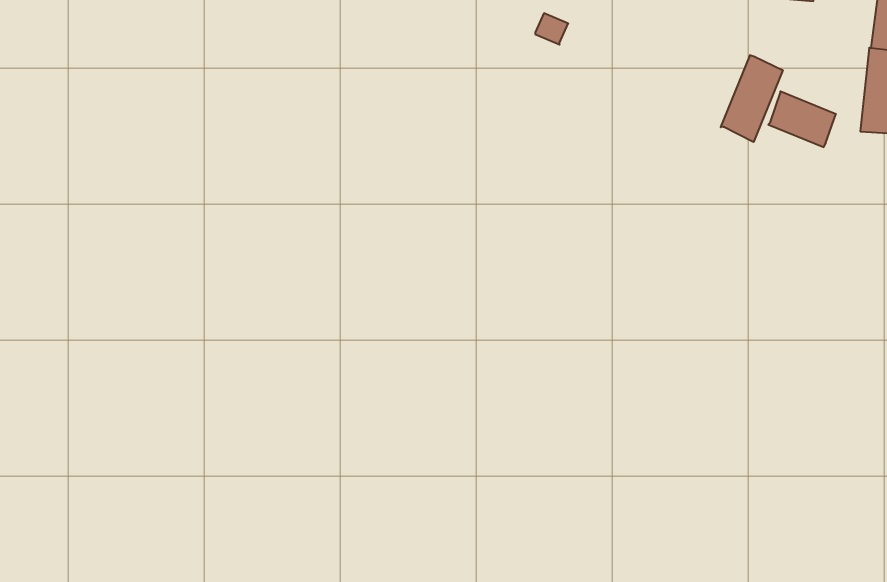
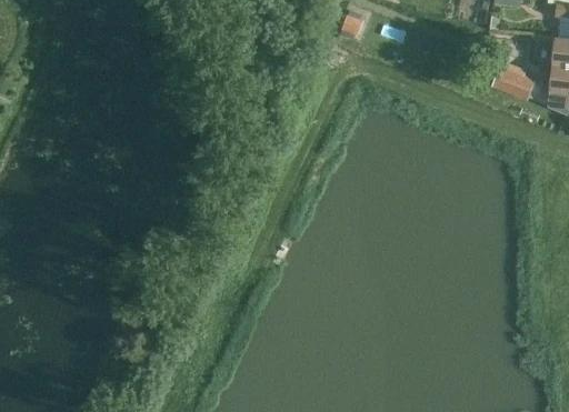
building: [721,55,783,142] -> none

